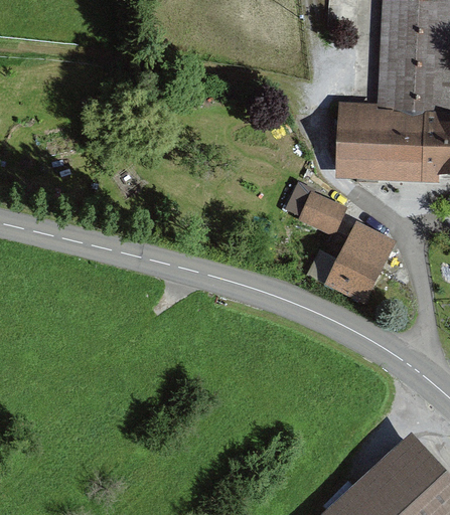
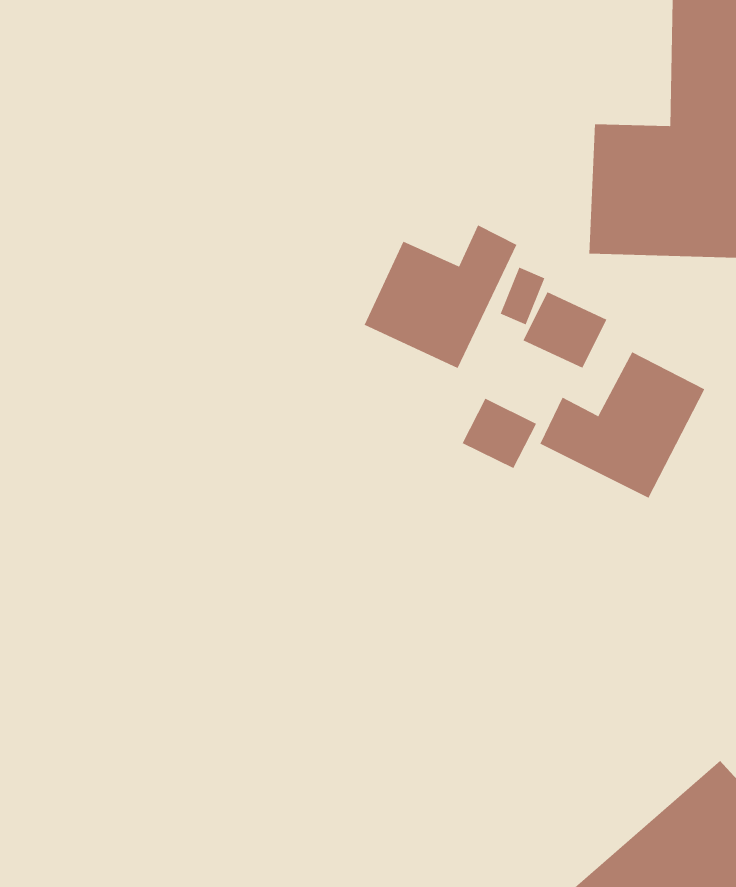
building: none -> [364,224,517,369]
building: none -> [462,398,537,469]

